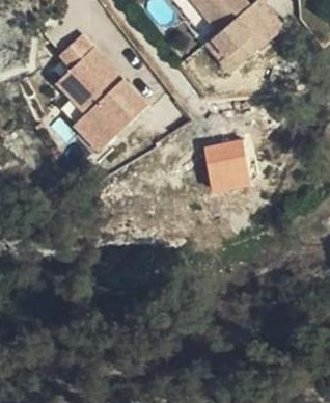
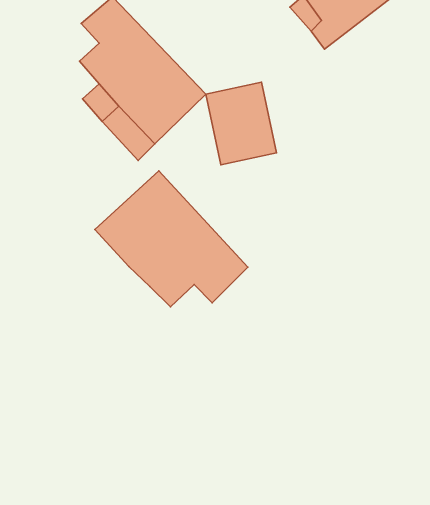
building: [197,142,246,199] -> [206,82,276,165]
building: none -> [95,171,248,307]

